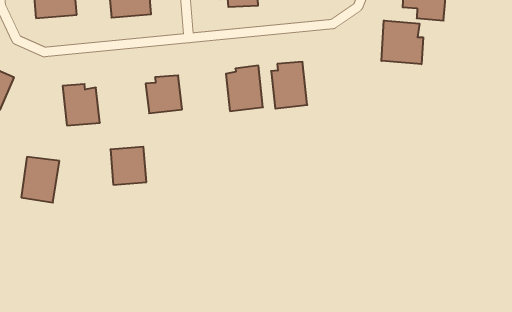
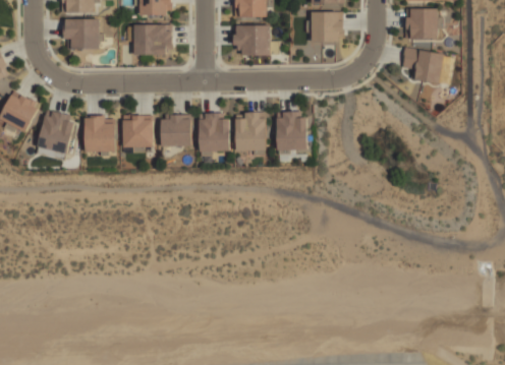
building: [381,20,423,64] -> none
building: none -> [200,112,229,156]
building: [110,147,146,185] -> [123,114,154,146]
building: [21,157,59,203] -> [38,110,75,154]

